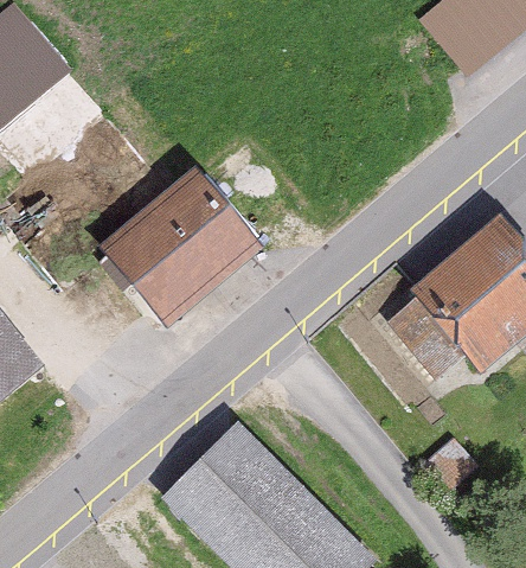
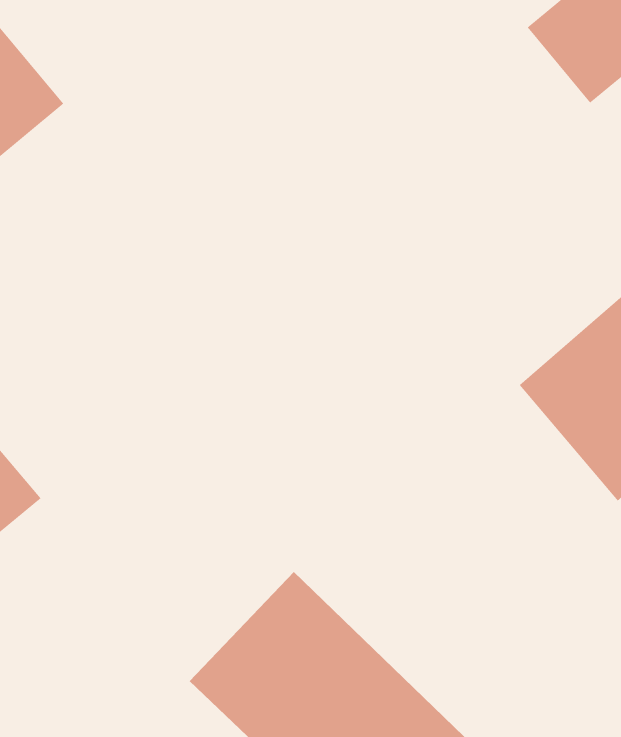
building: [98,183,255,338] -> none

